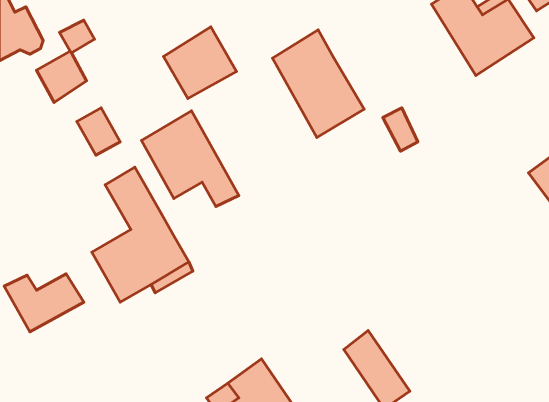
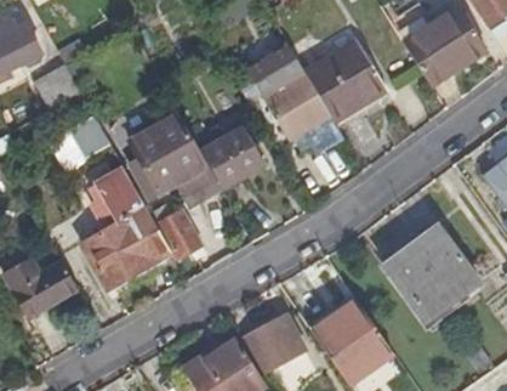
building: none -> [302,38,383,119]
building: [164,27,236,98] -> [200,125,266,189]
building: none -> [148,205,203,259]
building: none -> [388,232,477,319]
building: none -> [334,300,394,369]
building: none -> [246,317,303,373]

